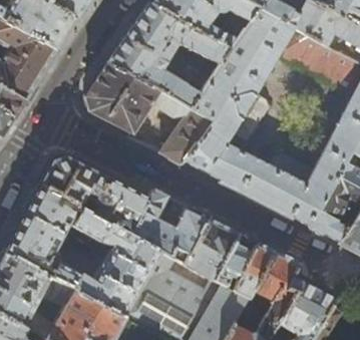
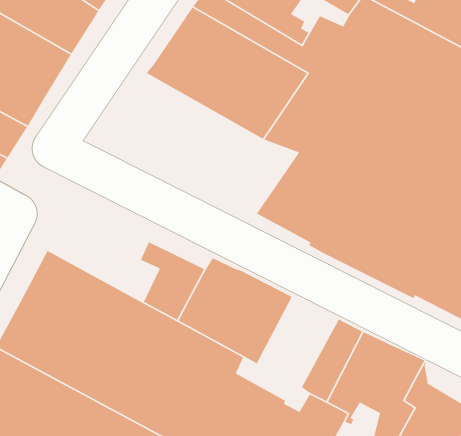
building: [85,63,213,164] -> none
building: [39,156,116,222] -> none
building: [185,219,240,281] -> none

